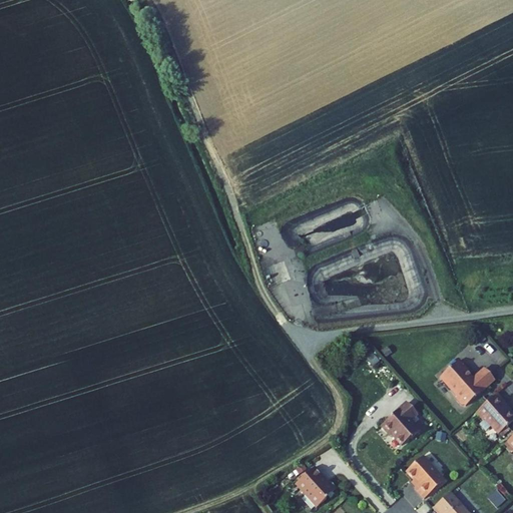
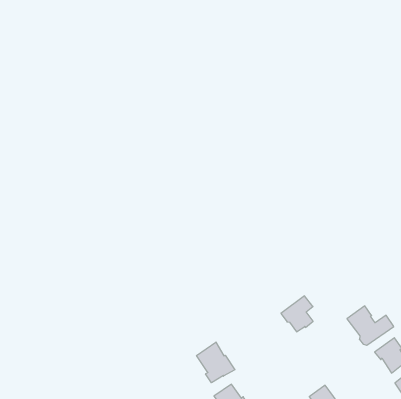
building: [381,402,419,444] -> [281,296,313,332]
building: none -> [197,342,235,383]

